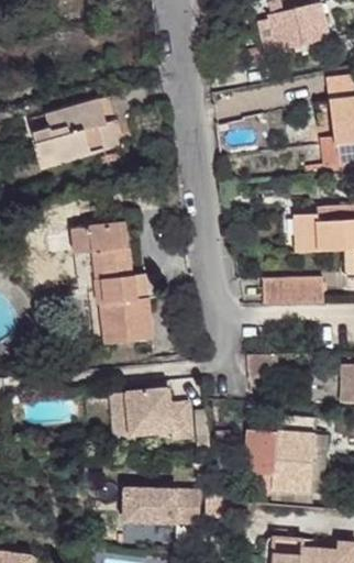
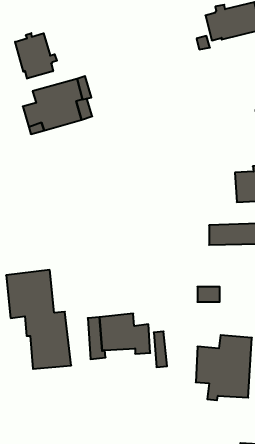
building: none -> [15,33,57,79]
building: [73,221,153,343] -> [6,270,71,369]
building: [123,487,200,523] -> none

